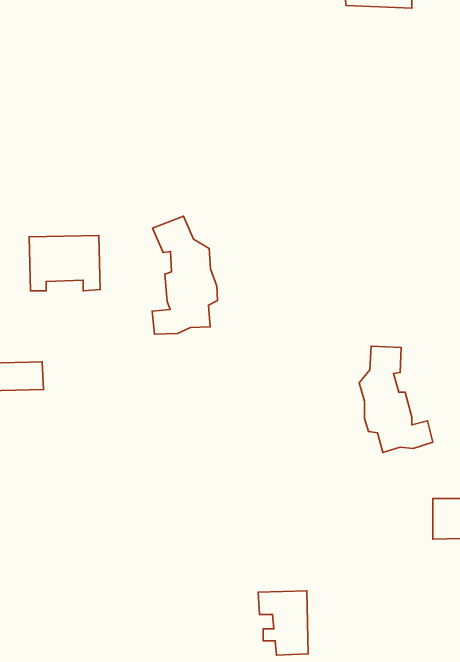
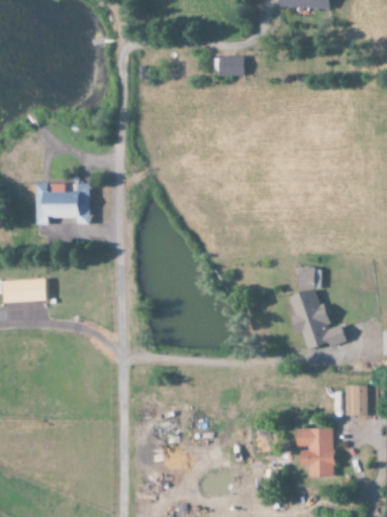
building: none -> [218,56,244,76]
building: [152,216,218,334] -> none
building: [258,591,308,655] -> [296,428,334,478]

